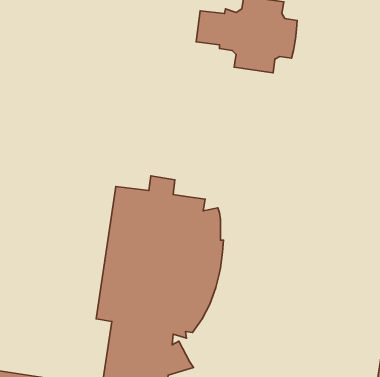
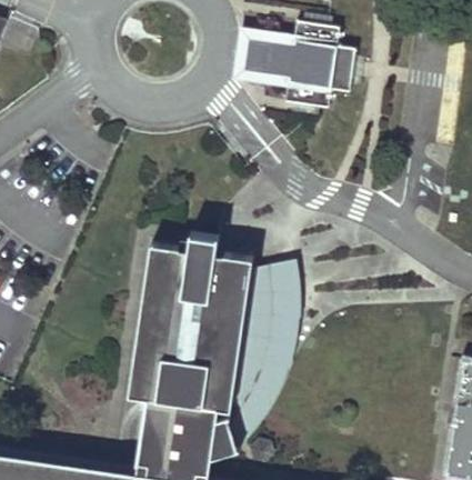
building: none -> [214,266,293,447]

